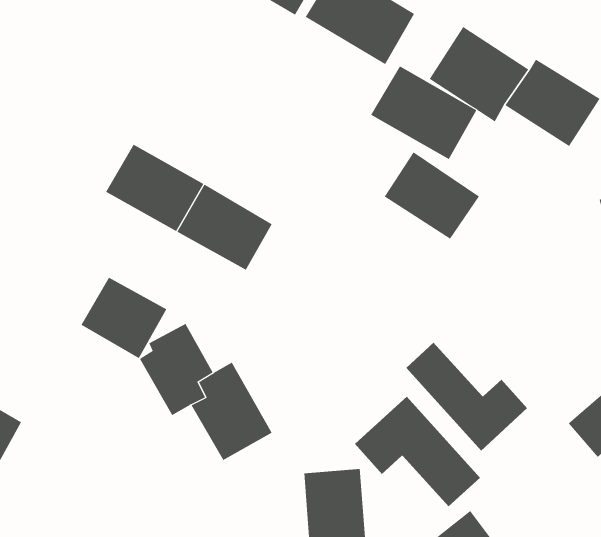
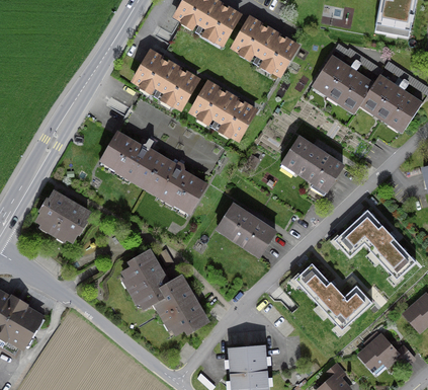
building: none -> [132,49,200,110]
building: [370,65,477,160] -> [188,80,258,142]
building: none -> [215,204,278,261]
building: [81,277,167,359] -> [33,189,90,243]
building: [354,396,481,507] -> [334,206,417,279]
building: none -> [357,333,400,375]

